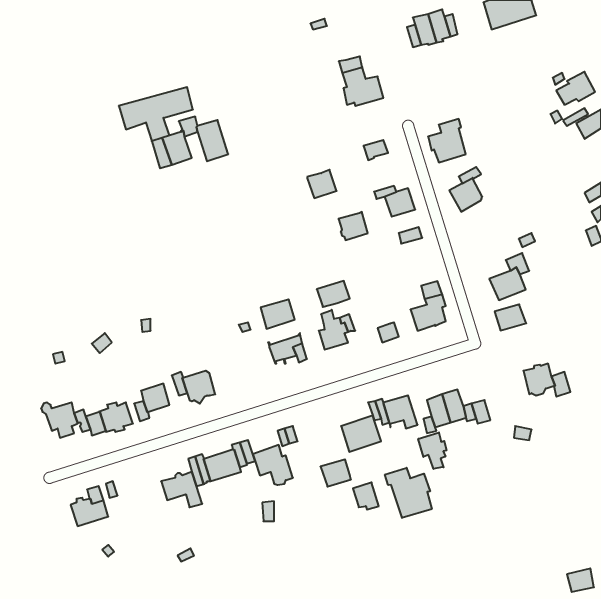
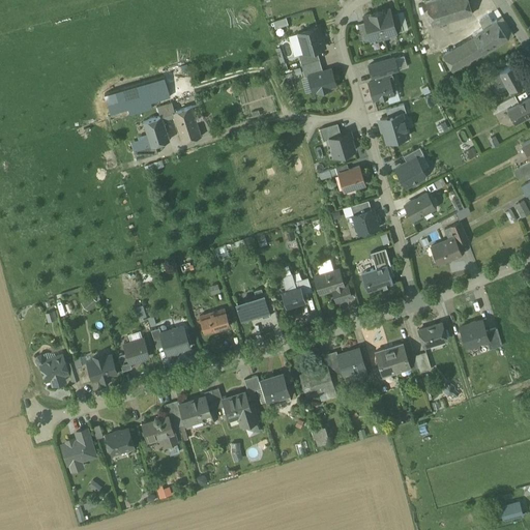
building: none -> [443,17,508,71]
building: none -> [298,30,324,55]
building: none -> [367,58,400,104]
building: [307,170,337,198] -> [329,134,355,158]
building: [338,212,368,240] -> [353,210,379,235]
building: none -> [406,195,434,224]
building: [317,281,350,307] -> [315,271,344,294]
building: [261,299,295,329] -> [200,310,230,335]
building: [495,304,526,330] -> [419,325,447,348]
building: [418,432,446,469] -> none
building: [320,459,351,487] -> [262,375,289,399]
building: [385,468,432,518] -> none
building: none -> [107,430,135,455]

